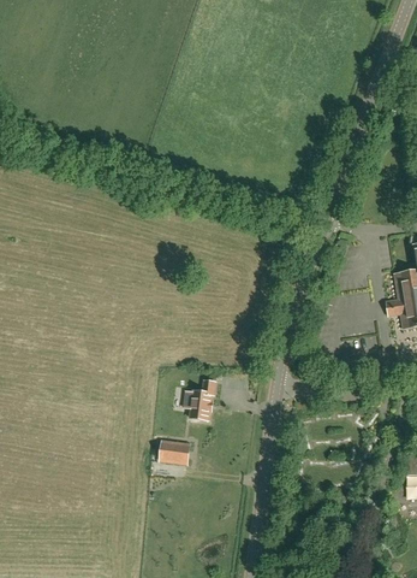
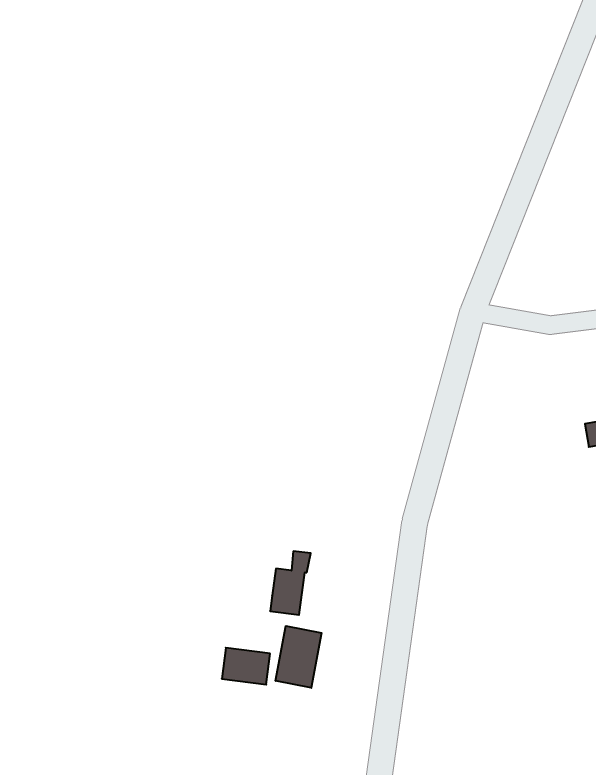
building: none -> [276,626,322,688]

